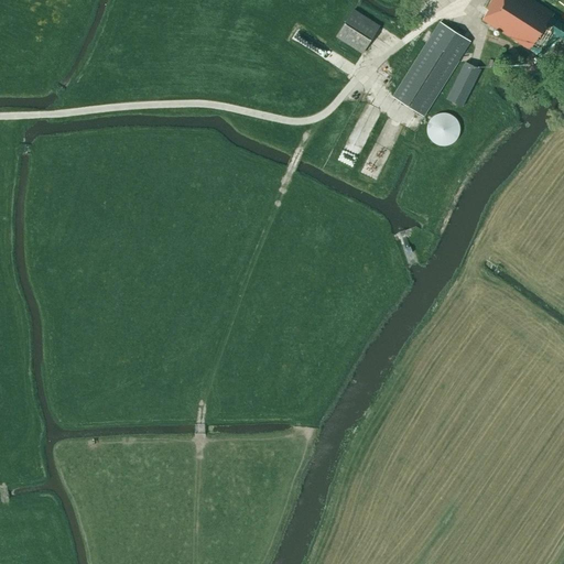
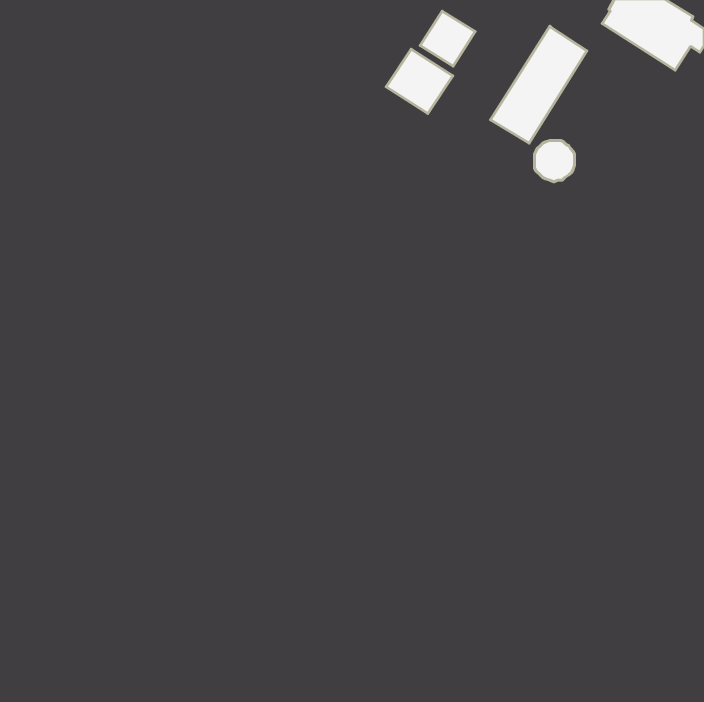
building: none -> [386,49,453,113]
building: [446,61,481,107] -> none

